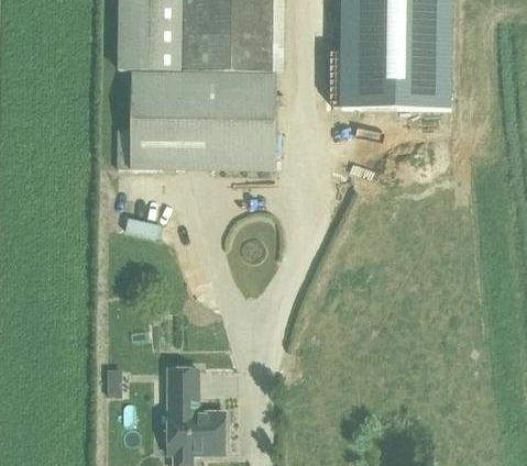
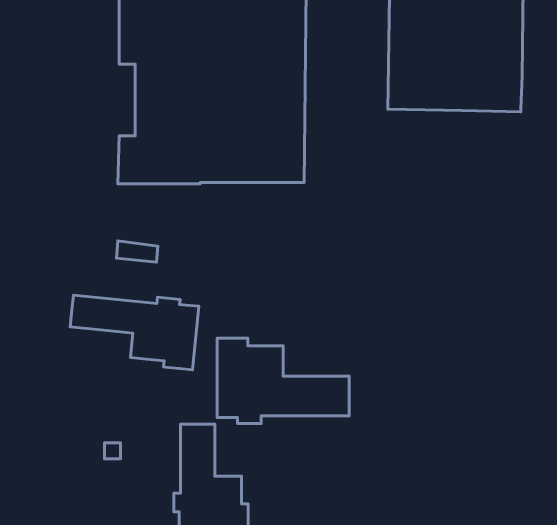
building: none -> [70,295,199,370]
building: none -> [217,338,349,424]

